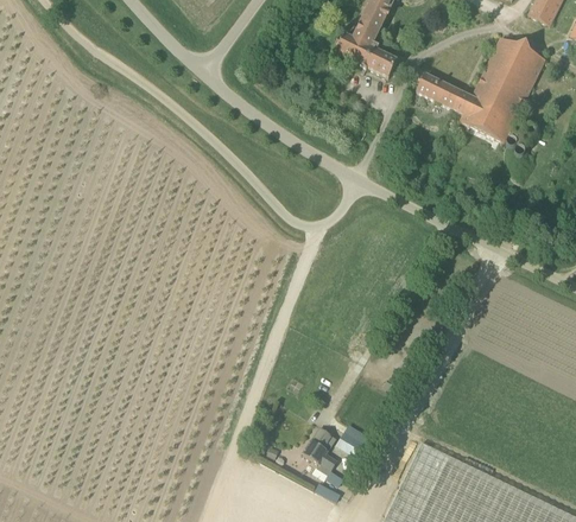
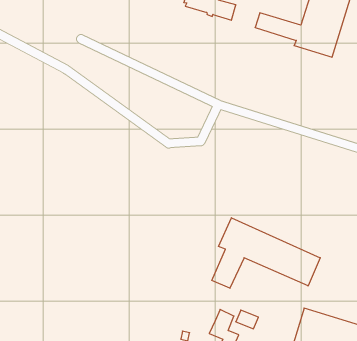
building: none -> [212,218,320,288]

